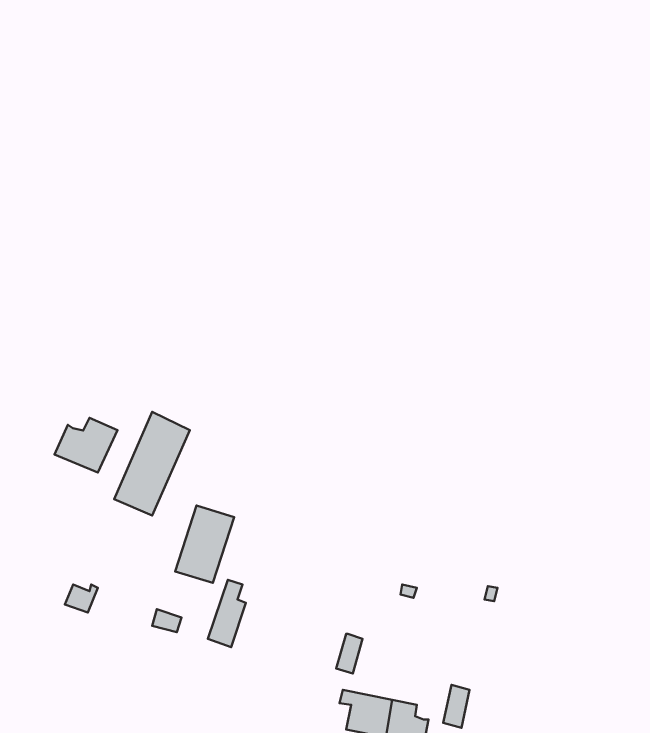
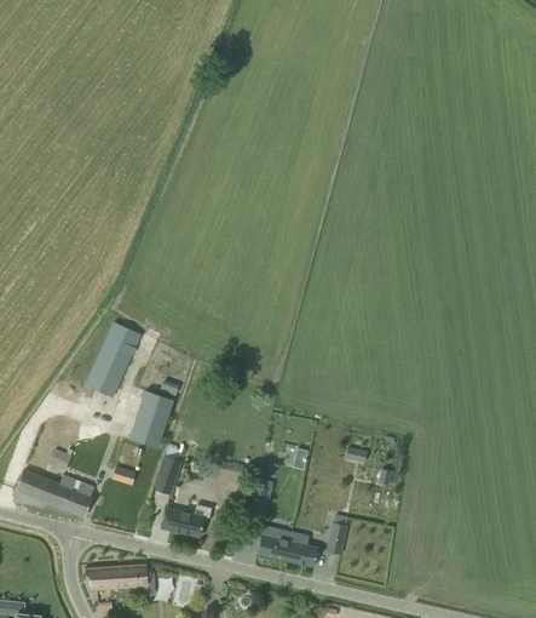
building: [55,418,118,472] -> none
building: none -> [16,470,94,516]
building: none -> [161,507,204,537]

